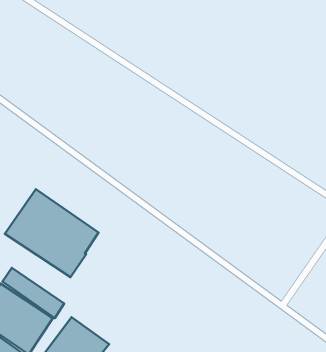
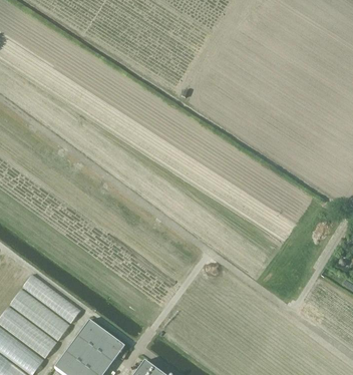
building: [5,189,99,277] -> none

